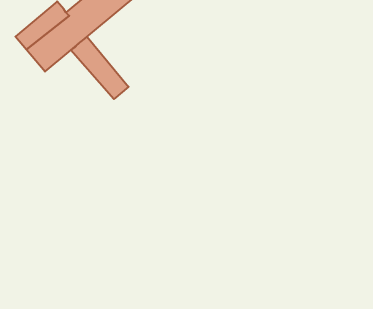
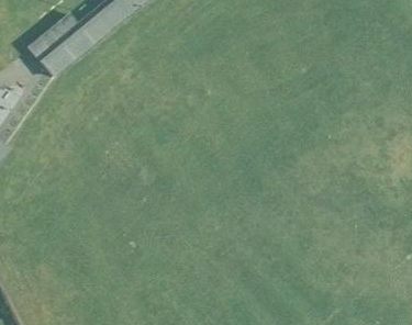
building: [71,37,129,99] -> none

